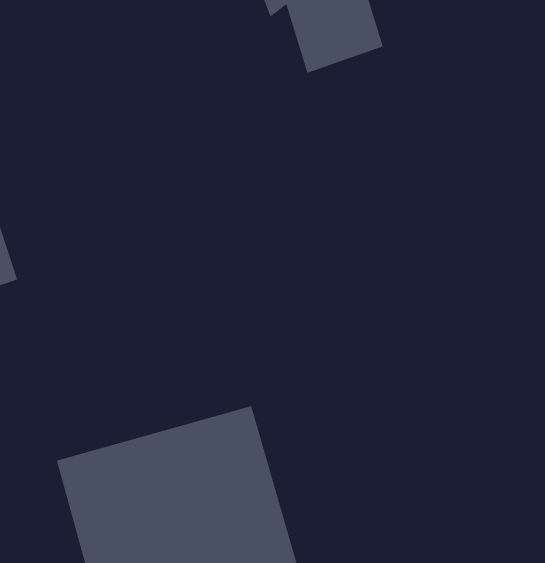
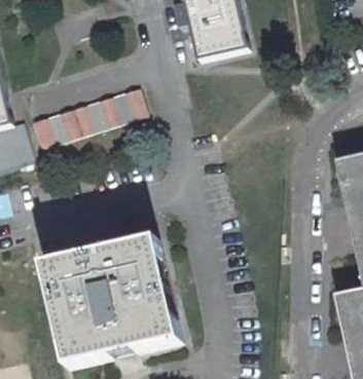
building: none -> [29,94,142,147]

